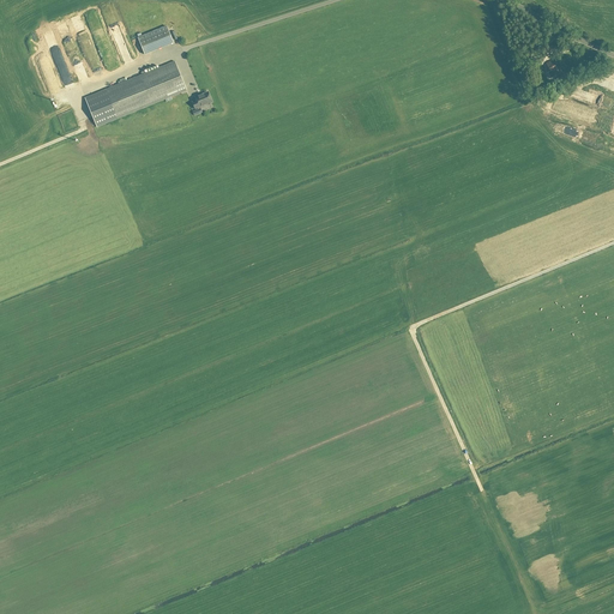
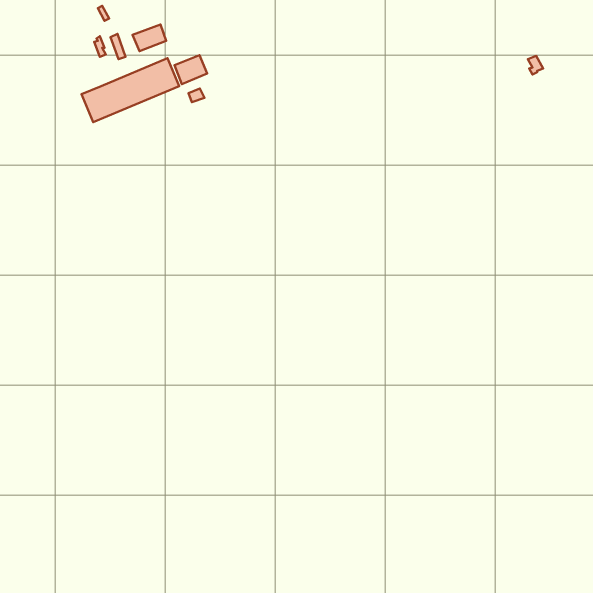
building: none -> [175,55,207,84]

